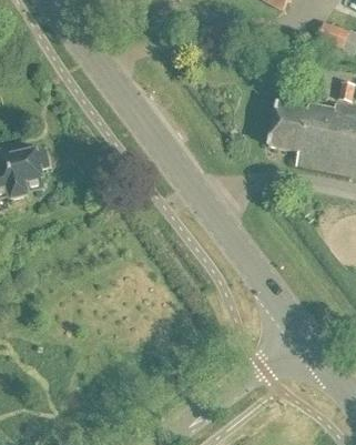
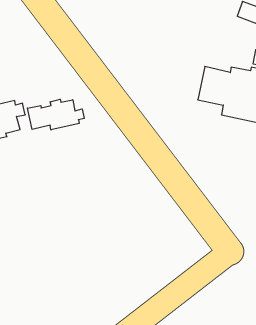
building: none -> [27,99,84,130]

